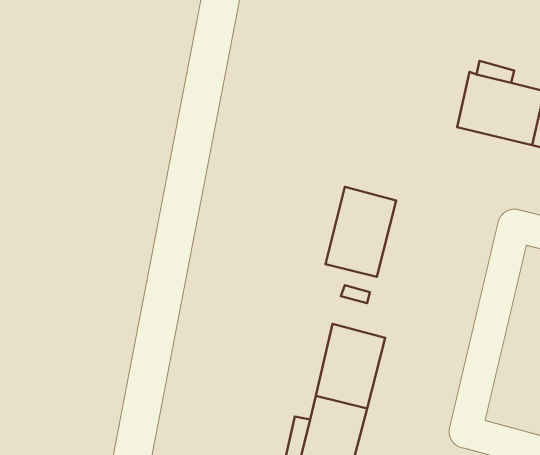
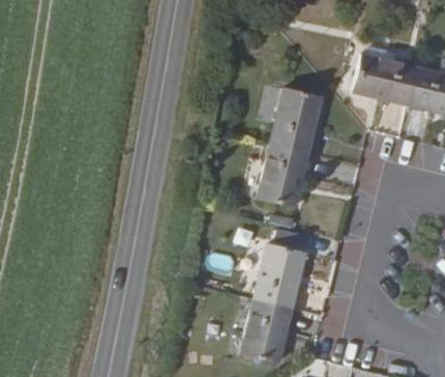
building: none -> [274,86,327,150]

